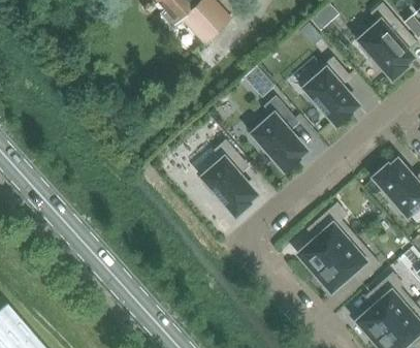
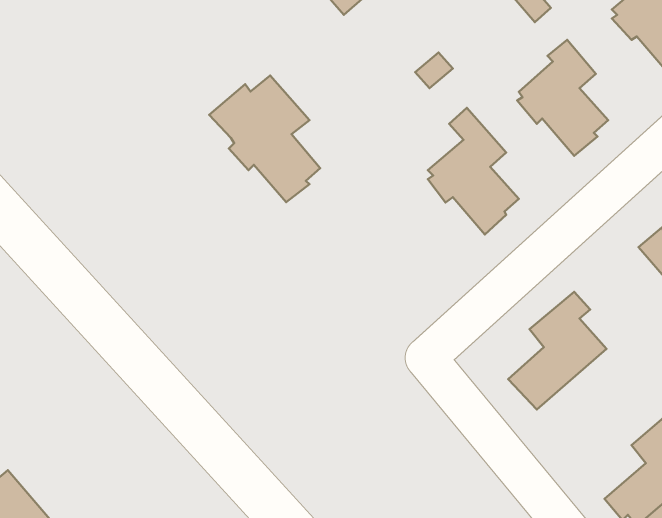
building: [190,140,254,214] -> [209,75,320,202]
building: [315,236,380,293] -> none

